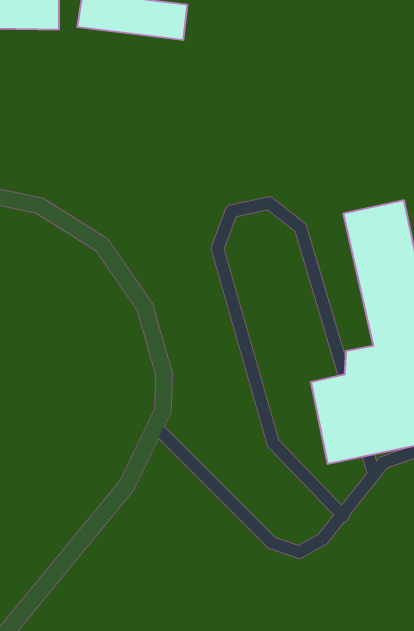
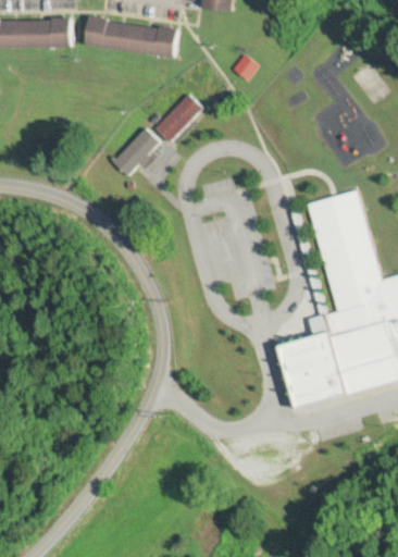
building: none -> [152,94,201,141]
building: none -> [111,128,158,175]

